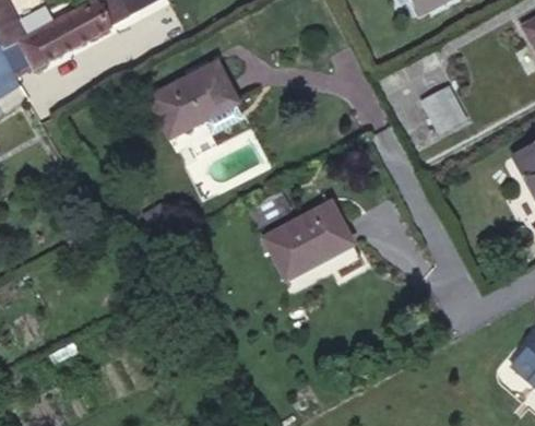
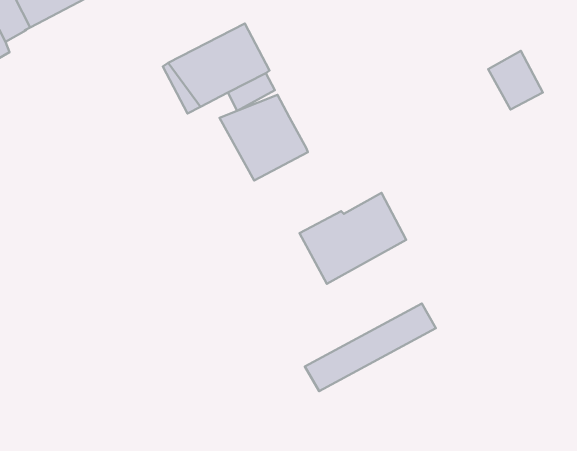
building: none -> [220,95,308,181]
building: none -> [305,304,436,391]

